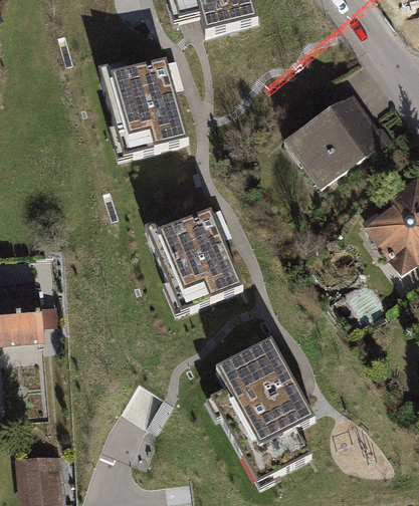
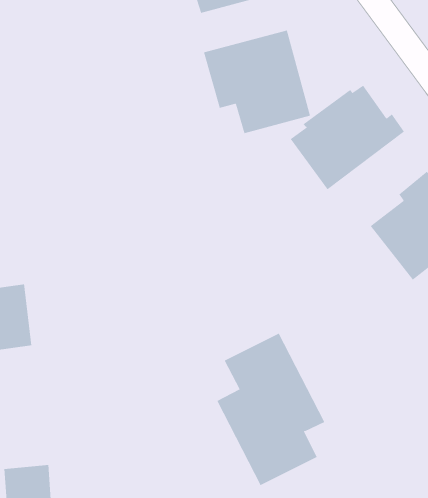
building: [85,61,187,160] -> [203,30,311,134]
building: [138,208,244,310] -> none

